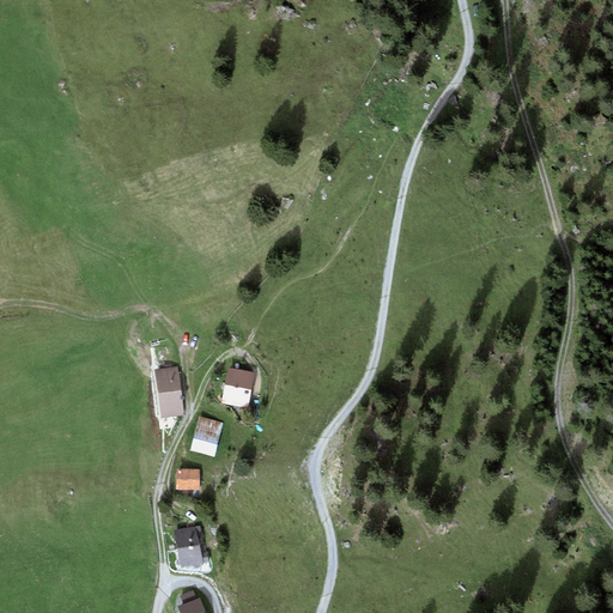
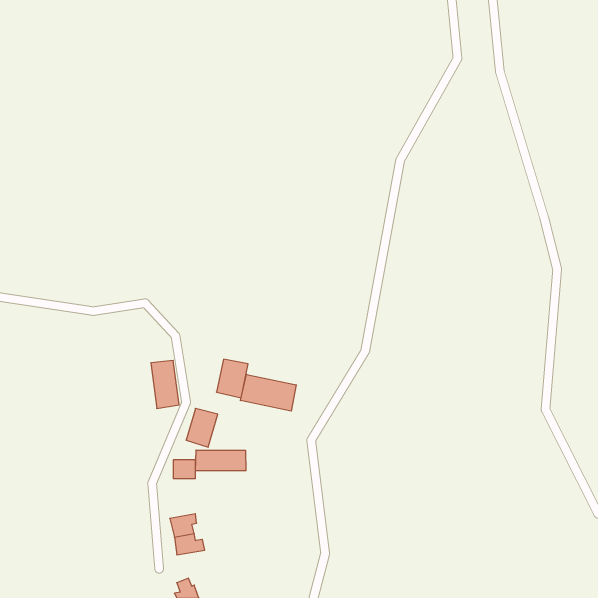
building: none -> [240,374,296,411]
building: none -> [195,450,246,471]

